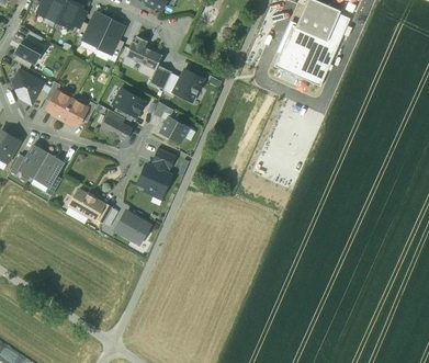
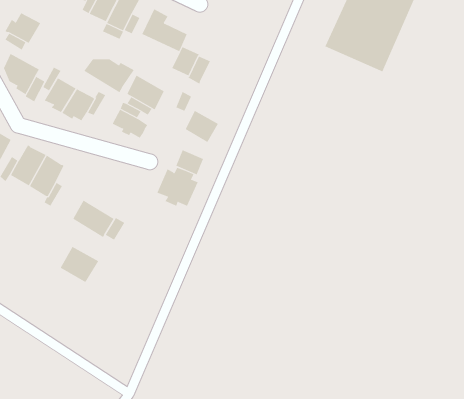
building: [173,69,203,101] -> none
building: none -> [83,58,134,93]
building: [116,213,148,242] -> [60,246,99,283]

